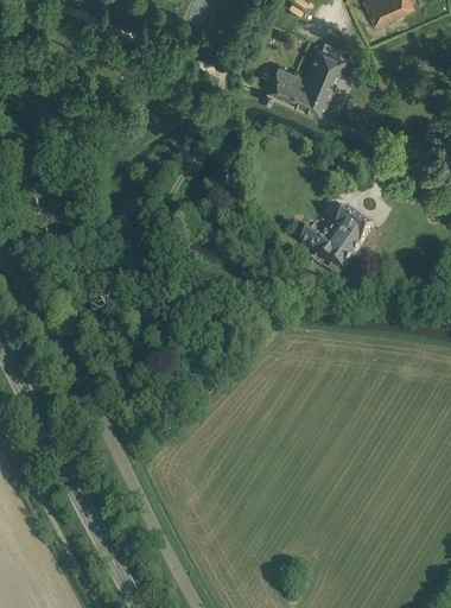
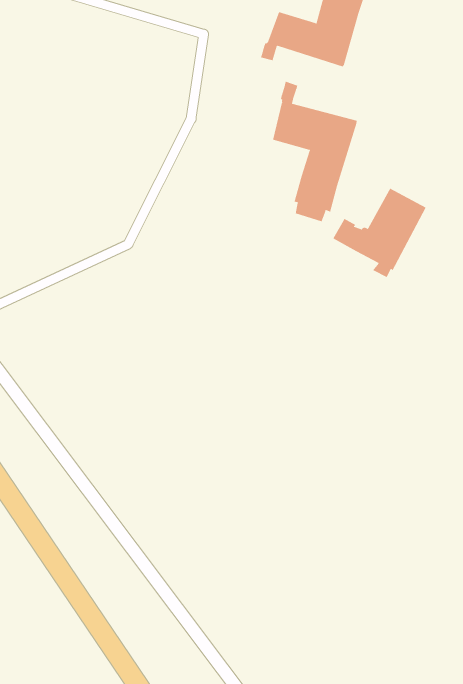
building: none -> [273,81,357,222]

